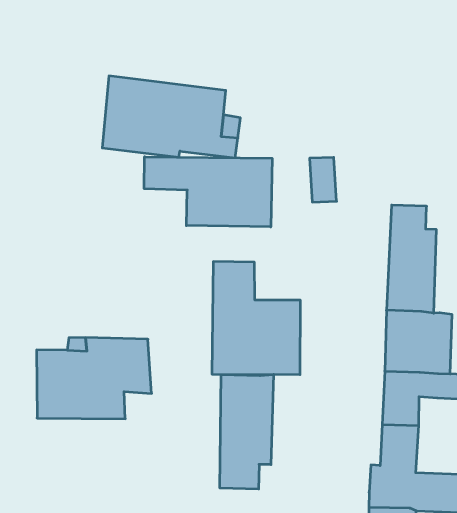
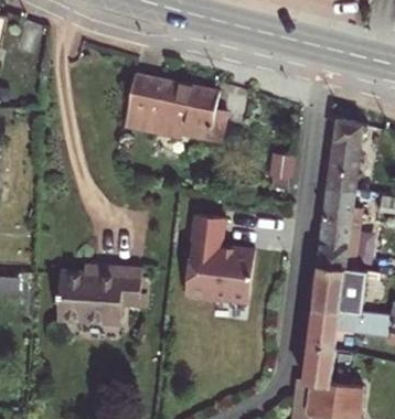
building: none -> [331,117,365,191]
building: [144,157,272,227] -> none
building: [220,374,274,489] -> none

